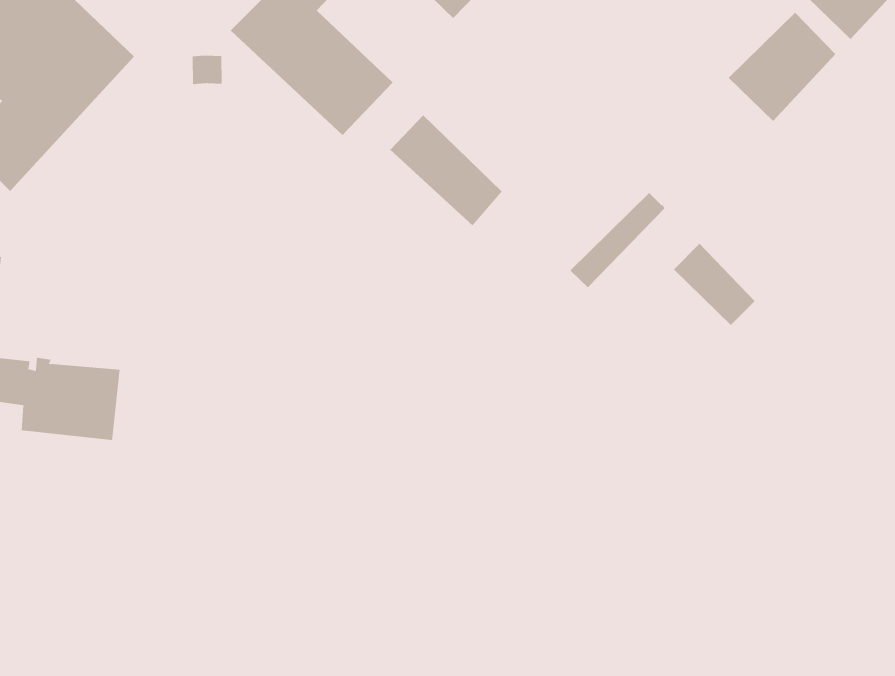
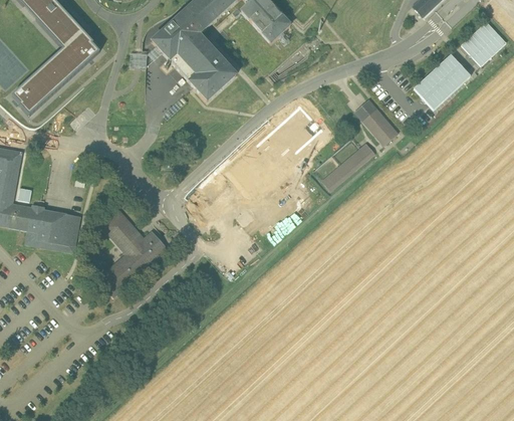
building: [390,114,503,226] -> none
building: [673,243,755,326] -> [354,99,397,145]
building: none -> [98,209,167,294]

